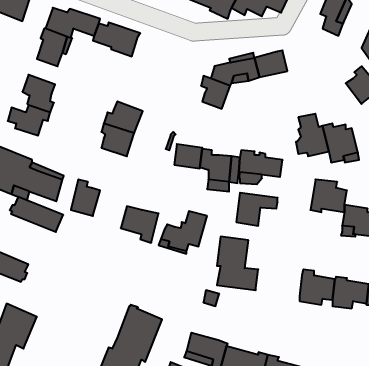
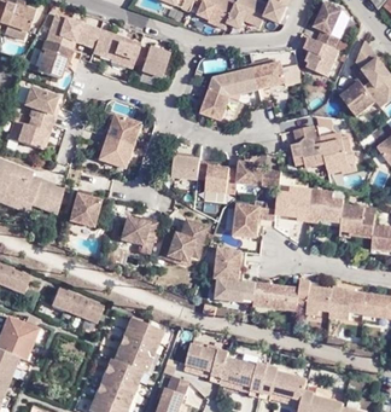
building: none -> [308,37,343,76]
building: none -> [132,50,169,79]
building: none -> [276,187,314,221]
building: [10,197,63,232] -> [49,286,103,321]
building: none -> [255,280,300,308]

